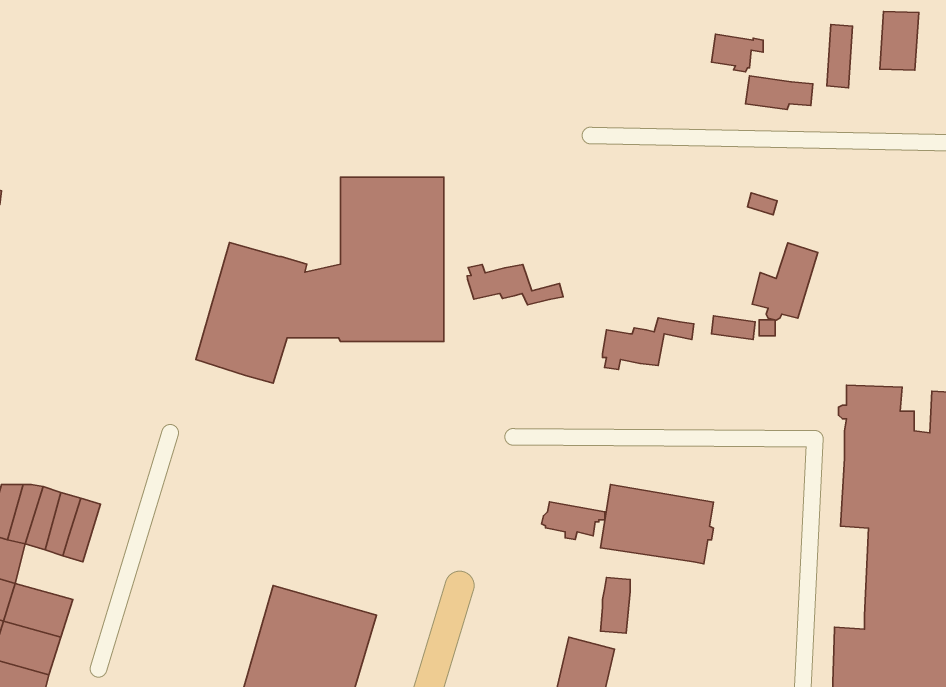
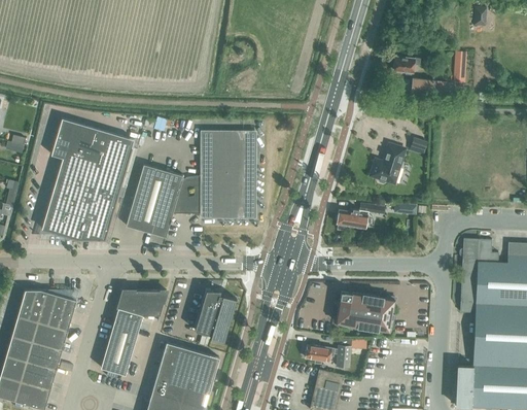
building: [880,12,919,70] -> none
building: none -> [41,119,133,239]
building: [752,243,818,320] -> [371,144,405,184]
building: [467,265,563,305] -> none
building: none -> [101,291,167,375]
building: none -> [195,291,236,343]
building: [541,502,605,540] -> [304,345,337,365]
building: none -> [32,321,67,350]

